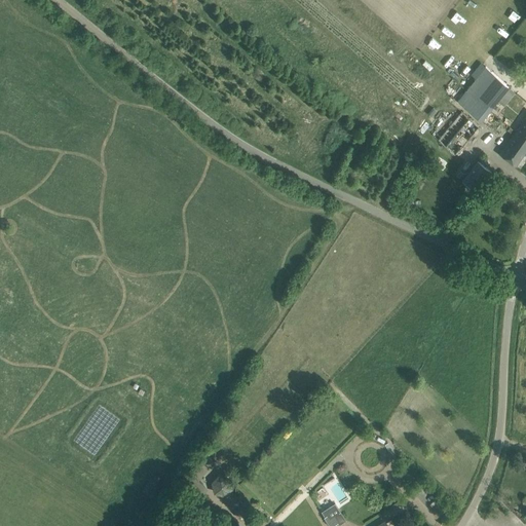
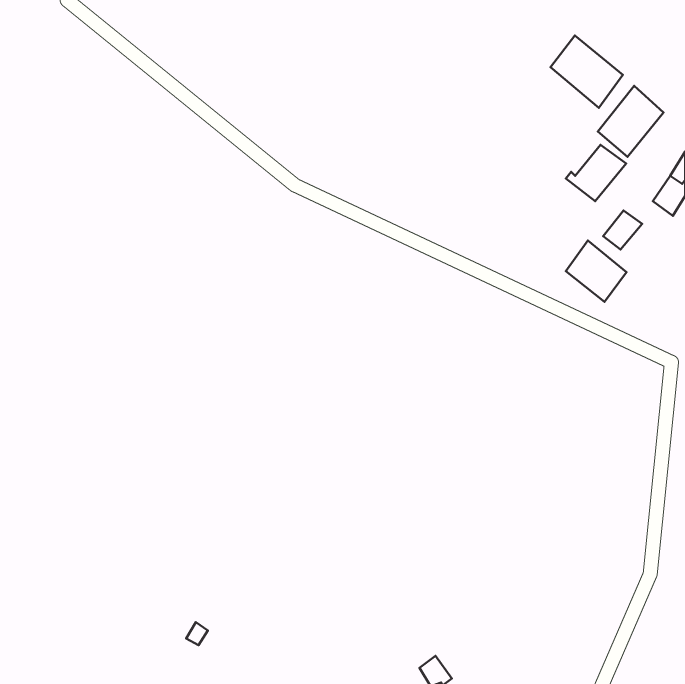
building: none -> [551,35,623,108]
building: none -> [566,240,627,302]

